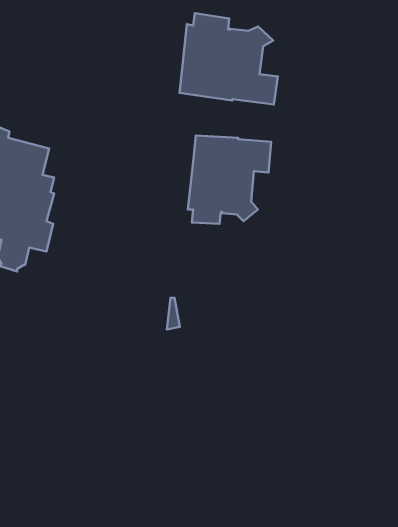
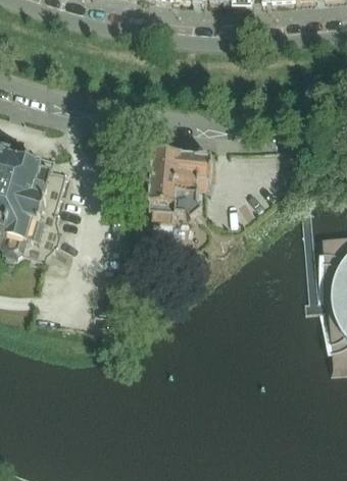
building: [179,13,278,104] -> none

